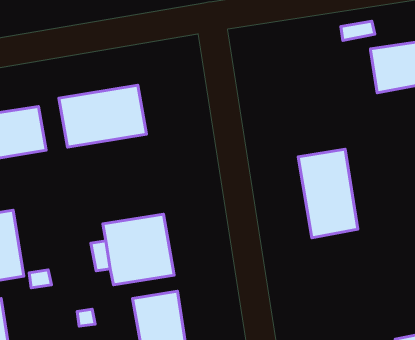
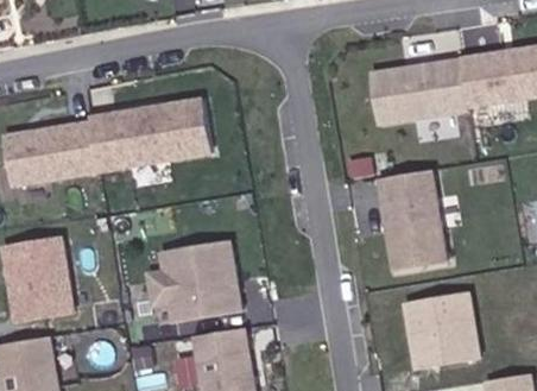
building: none -> [369,59,467,124]
building: none -> [89,113,121,171]
building: none -> [394,291,474,370]

